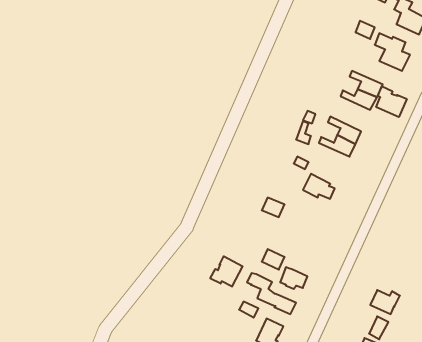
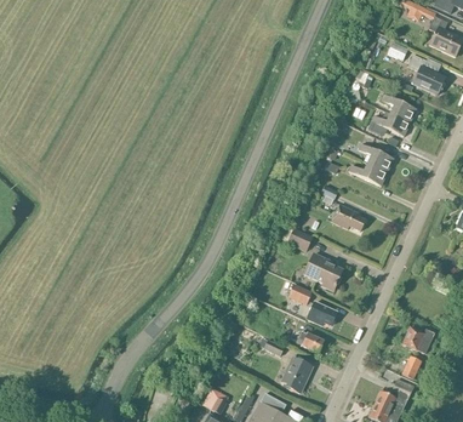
building: [376,86,407,117] -> none
building: none -> [303,253,342,291]
building: [210,256,243,287] -> none

